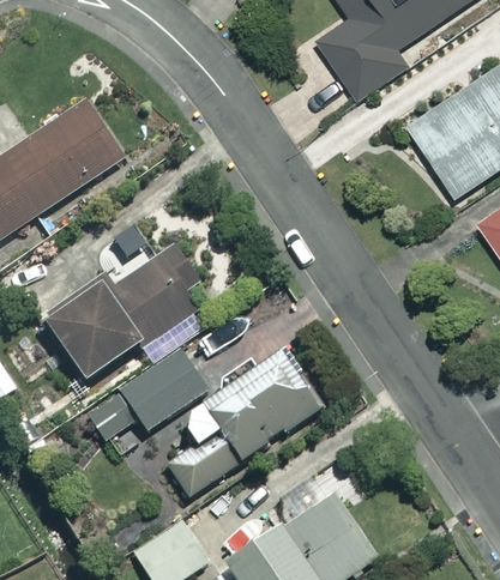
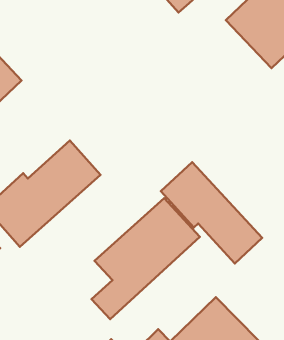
building: none -> [161,162,262,263]
building: [84,351,206,443] -> none

